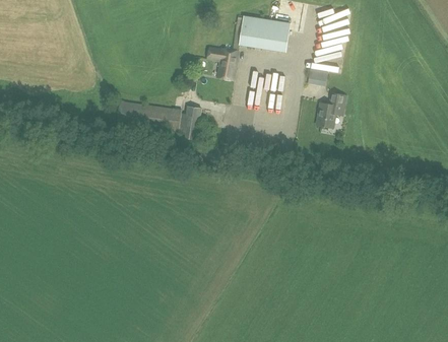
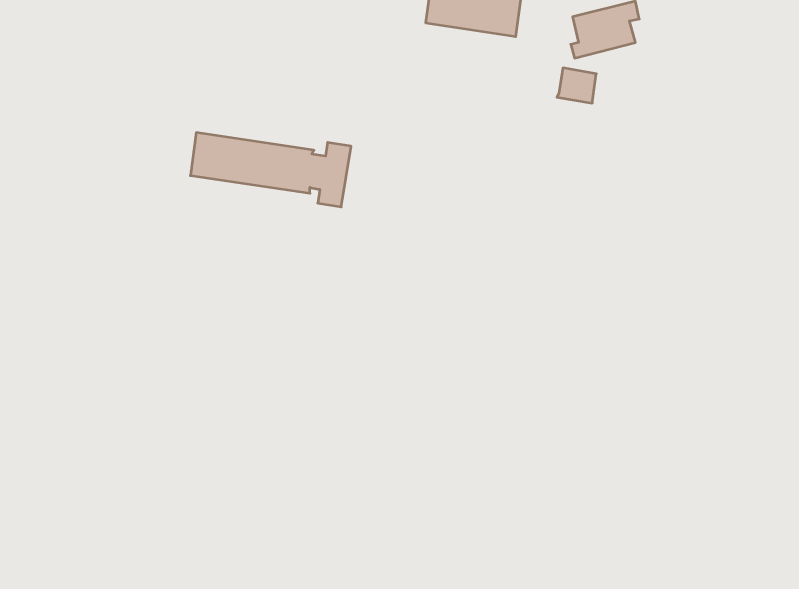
building: [206,48,237,80] -> none
building: [315,93,344,128] -> none

